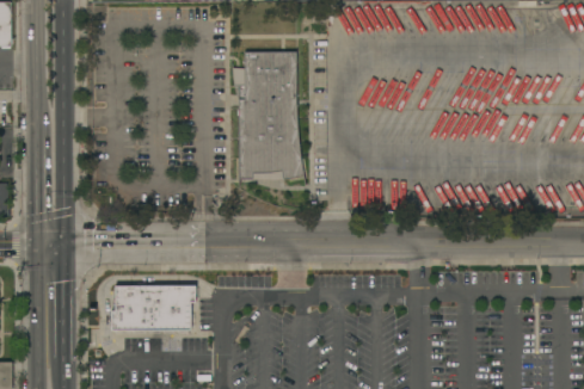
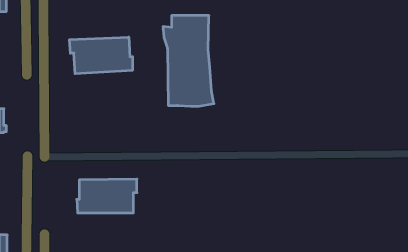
building: none -> [70,37,133,74]

